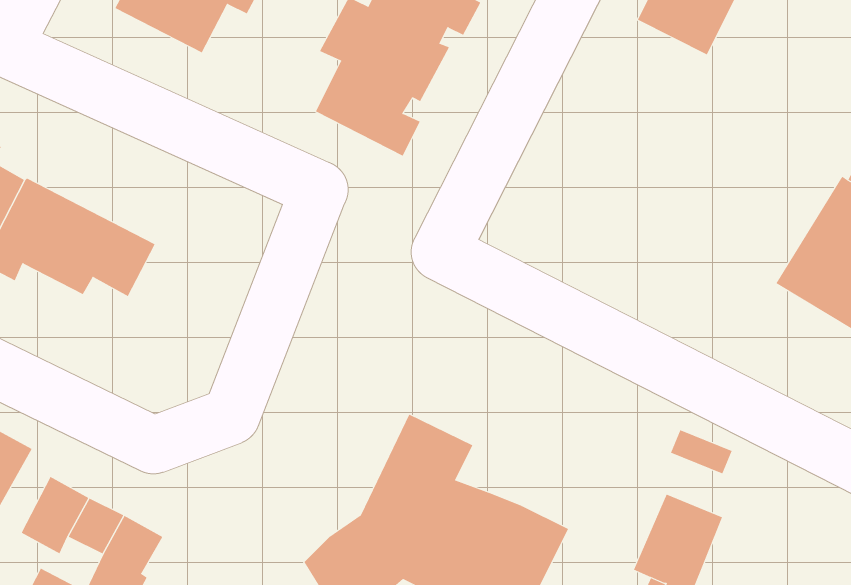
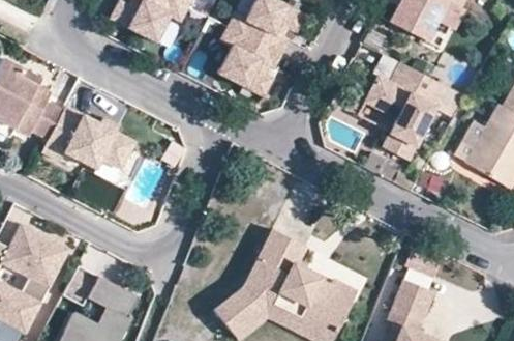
building: none -> [366,62,447,160]

